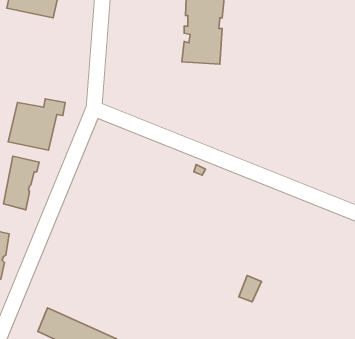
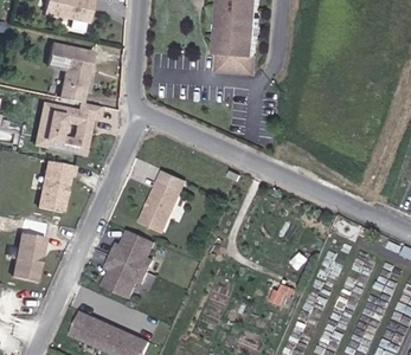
building: none -> [45,43,90,102]
building: none -> [141,179,181,230]
building: none -> [104,228,155,295]

